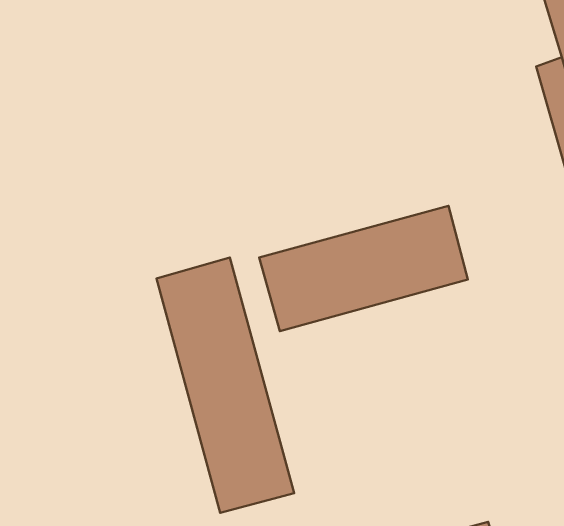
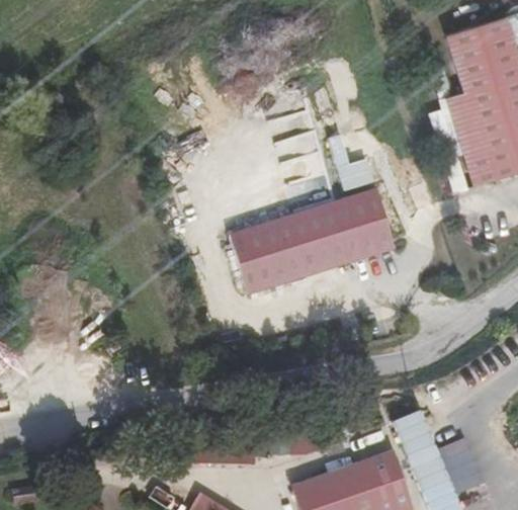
building: [156,257,294,513] -> none

